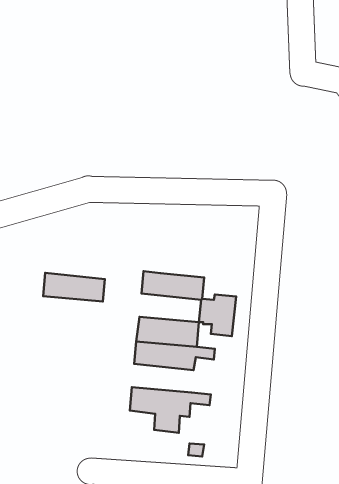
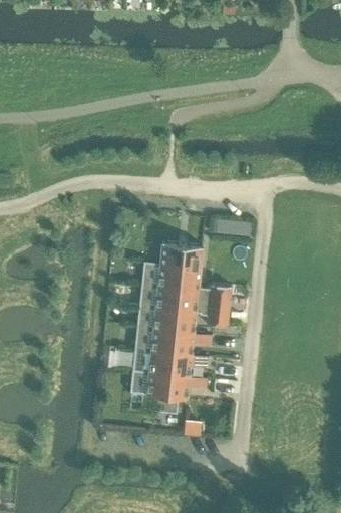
building: none -> [158,242,202,269]
building: [43,273,105,302] -> [138,284,197,311]
building: none -> [131,350,208,377]

